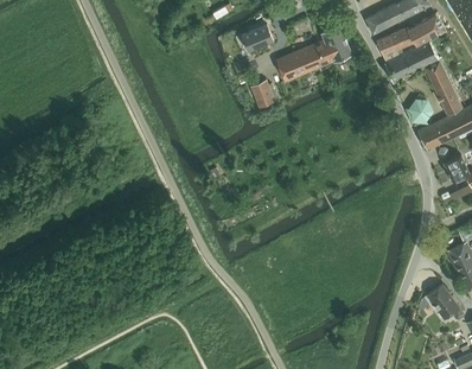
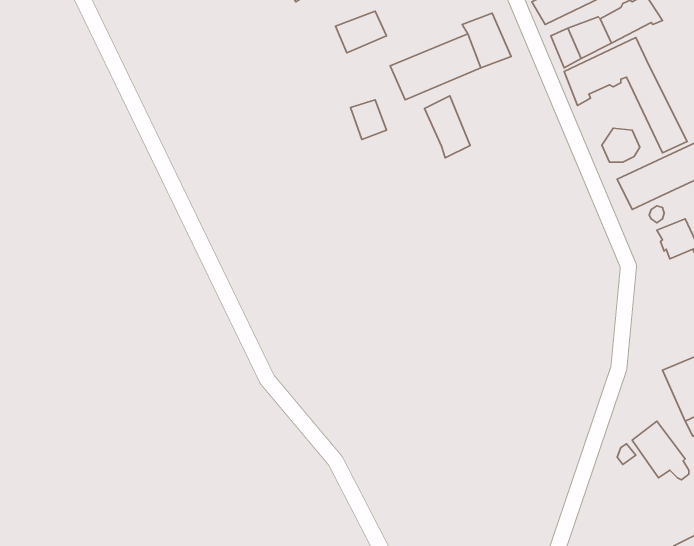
building: none -> [425,96,470,158]

